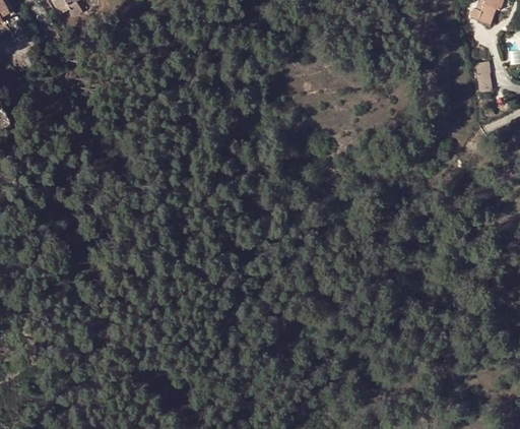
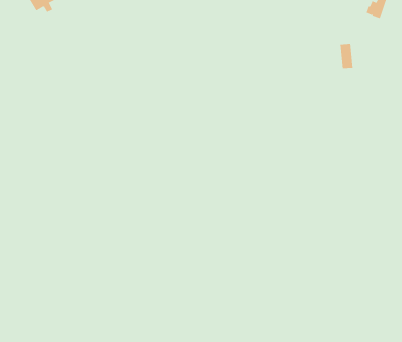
building: [474,61,492,93] -> [339,44,353,69]

